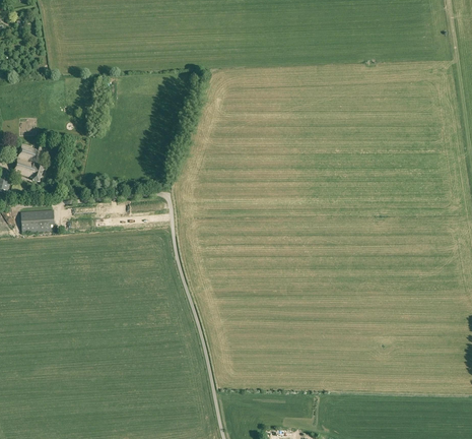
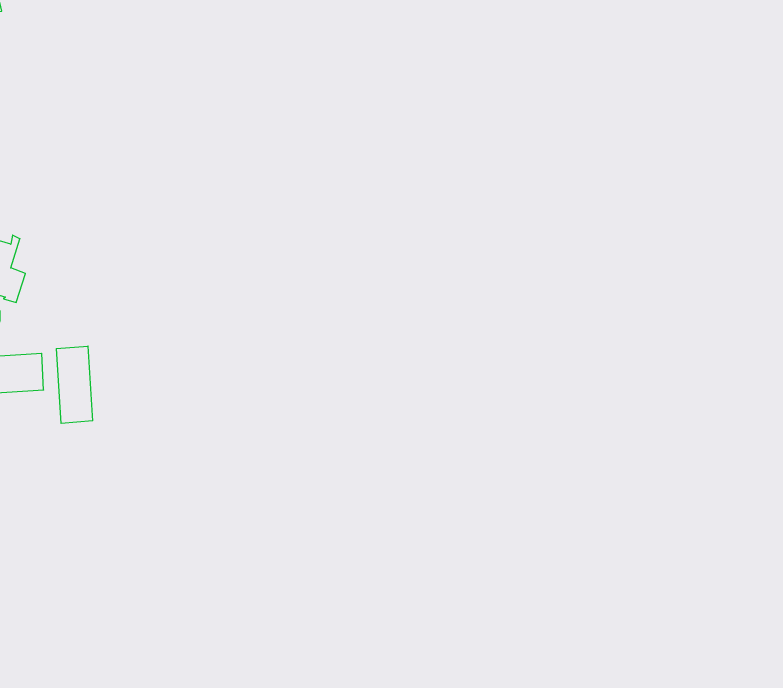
building: none -> [56,346,93,423]

